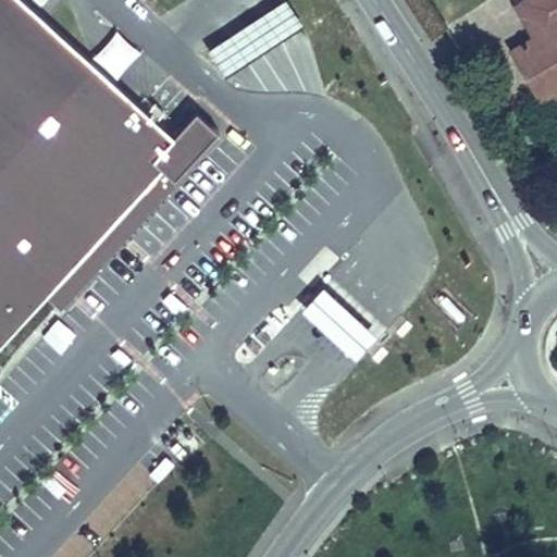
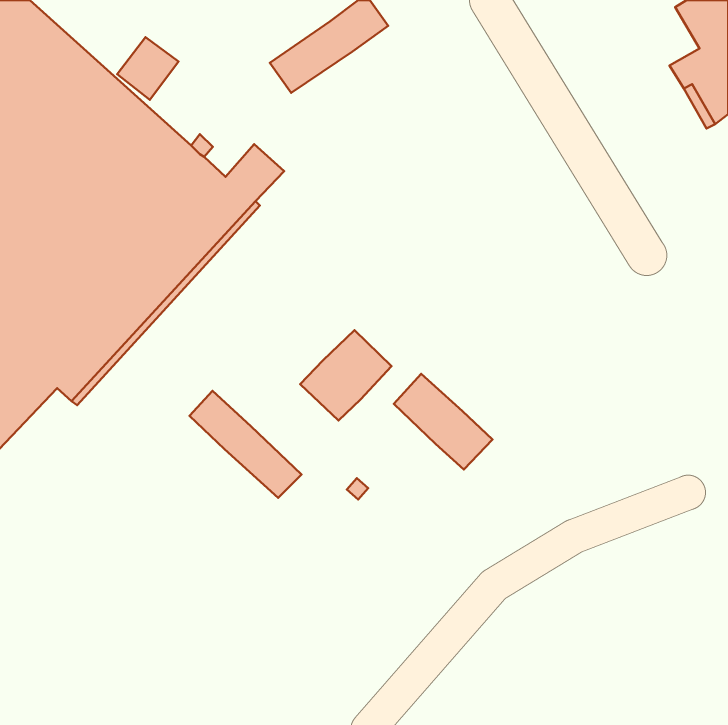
building: none -> [300,330,391,421]
building: none -> [190,391,301,498]

